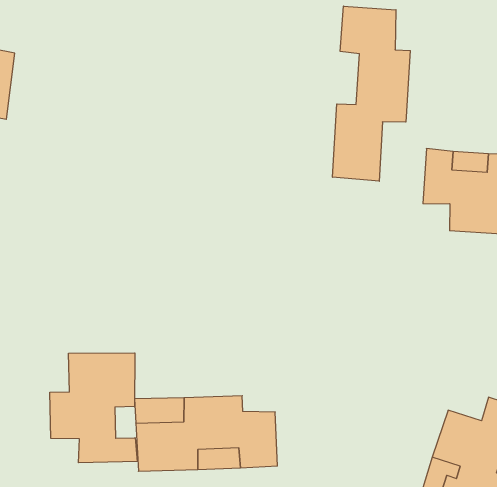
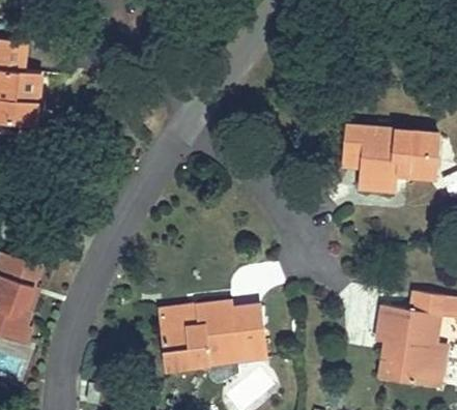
building: [333,6,410,181] -> none
building: [50,353,137,463] -> none

